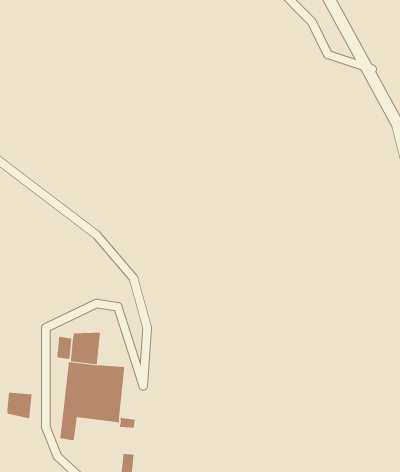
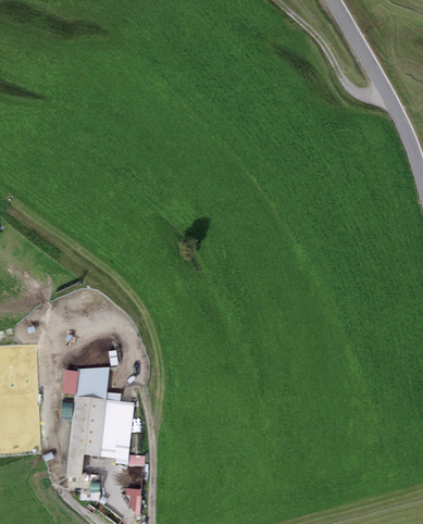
building: [7,392,32,419] -> none

